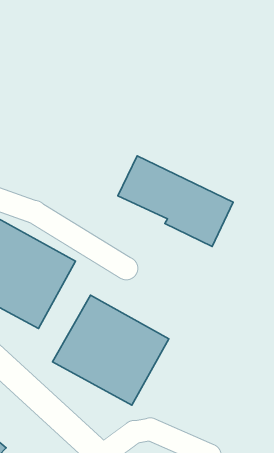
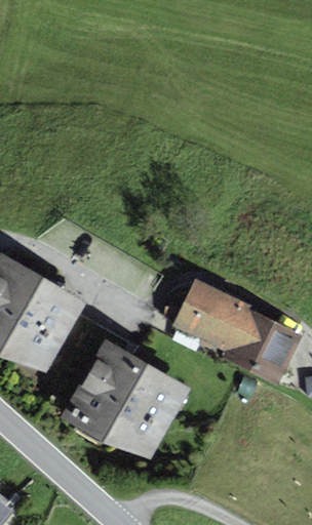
building: [118,156,233,247] -> [174,280,303,380]

